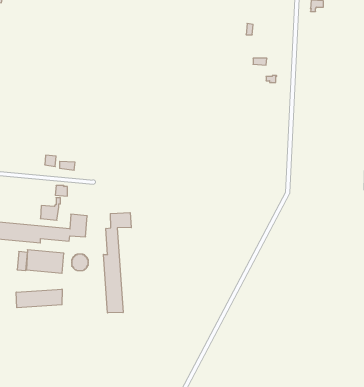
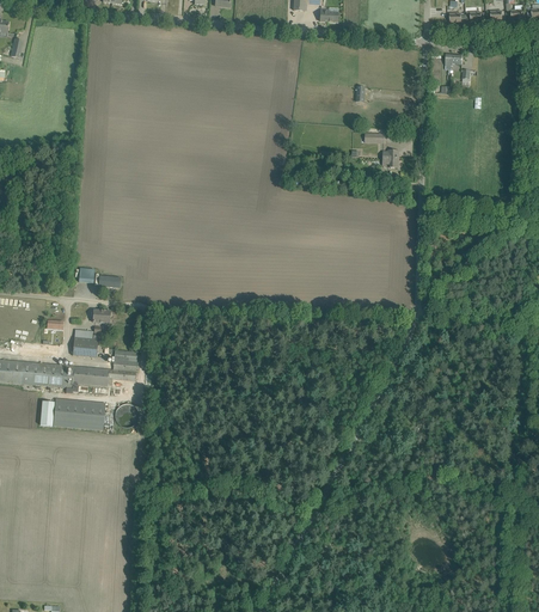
building: [103,213,131,313] -> none
building: [16,289,62,308] -> none

